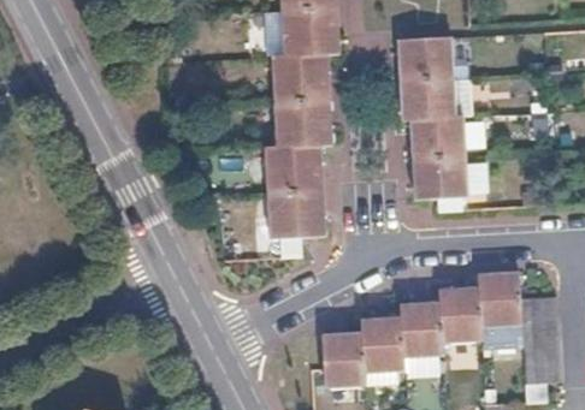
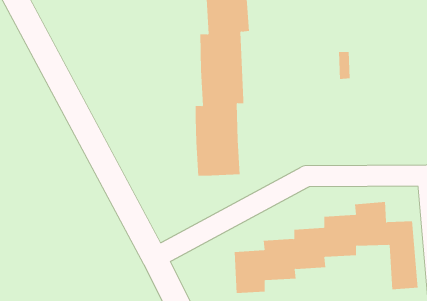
building: [395,35,465,198] -> none

